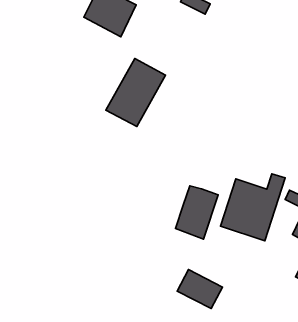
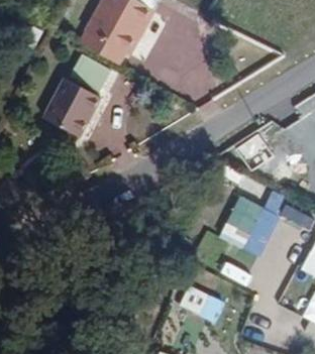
building: [106,59,166,127] -> [50,56,109,123]
building: [176,186,218,239] -> none

